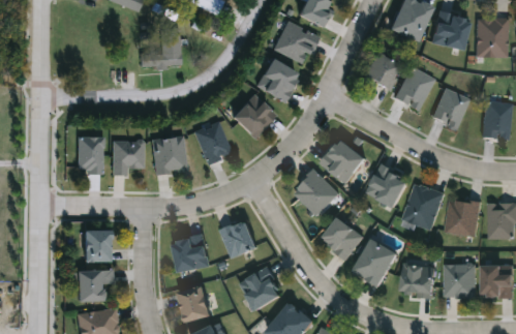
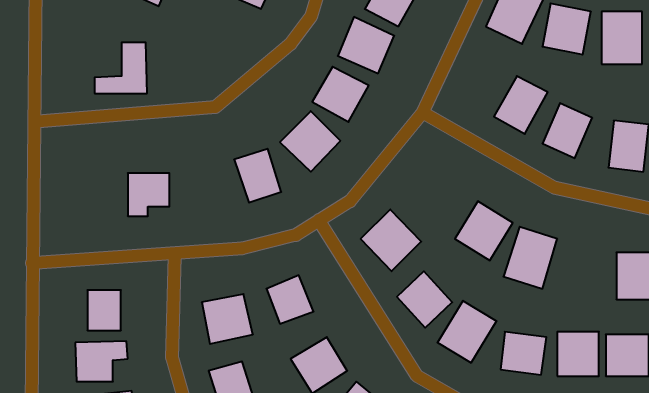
building: [142,26,182,65] -> [95,42,147,93]
building: [361,52,399,90] -> none
building: [153,135,187,175] -> none
building: [78,136,103,173] -> none
building: [320,138,365,183] -> none
building: [446,198,481,236] -> none

